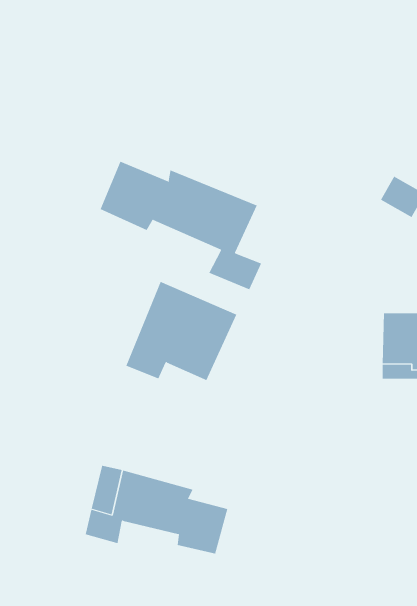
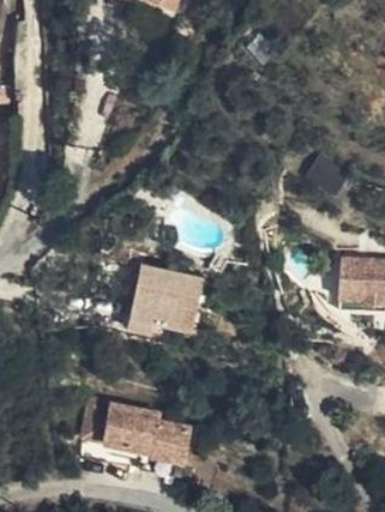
building: [100,161,262,290] -> none

